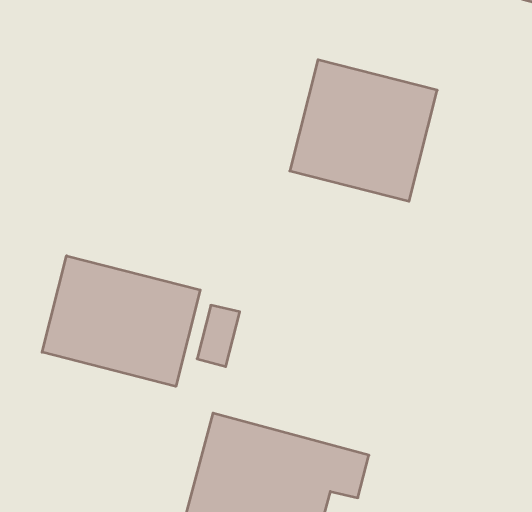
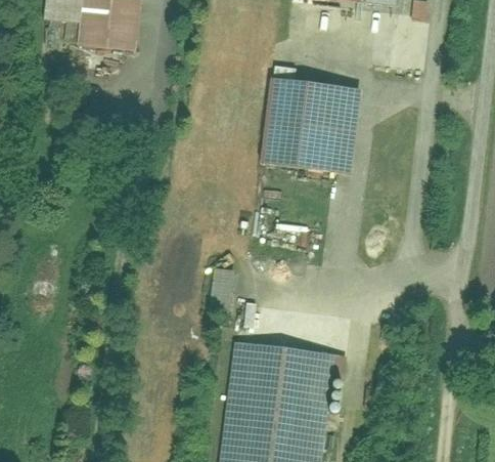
building: [42,256,200,386] -> none

